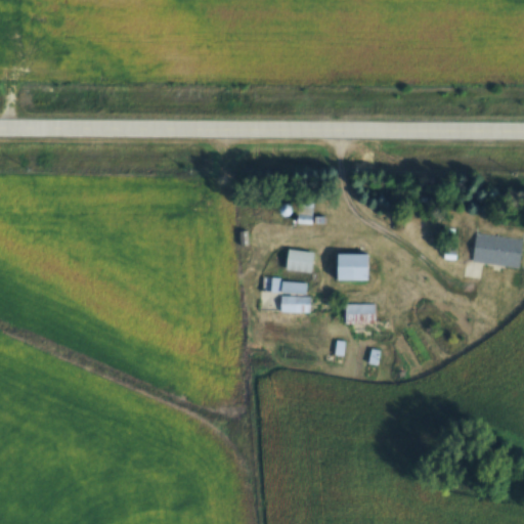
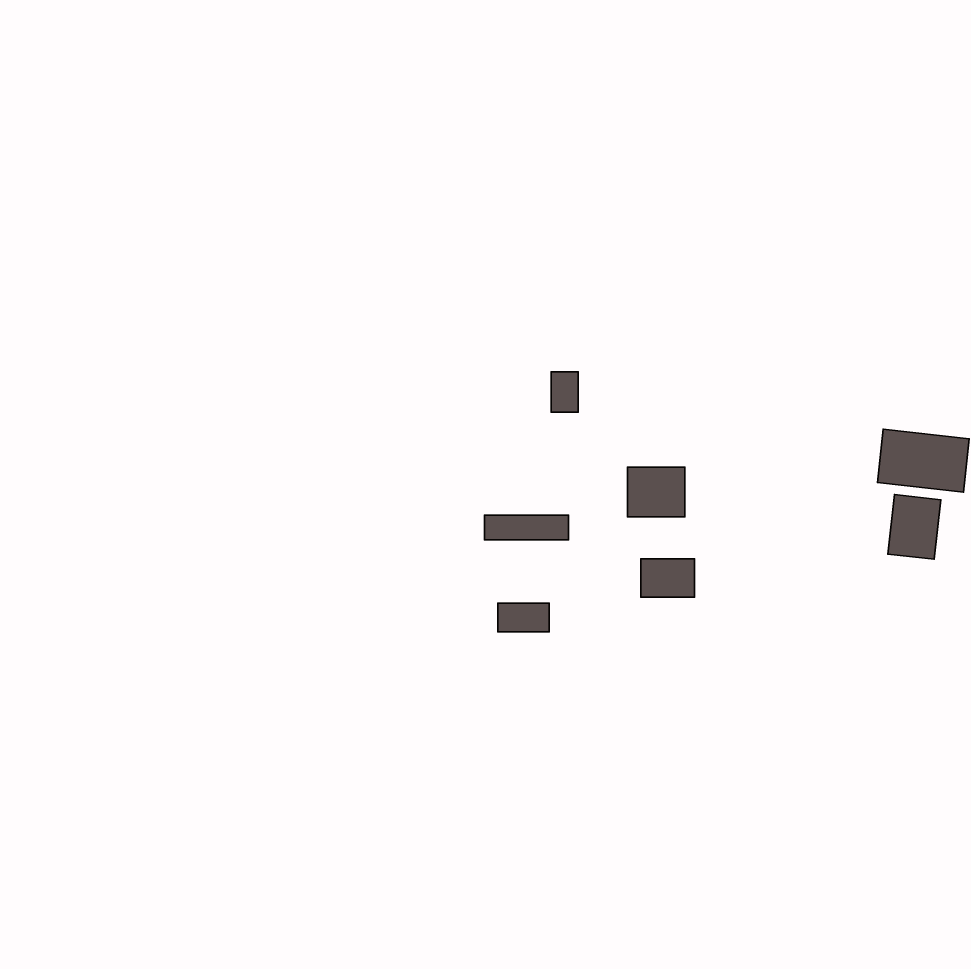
building: [286,249,314,273] -> none
building: none -> [888,495,941,559]
building: [281,297,309,312] -> [498,603,549,632]

